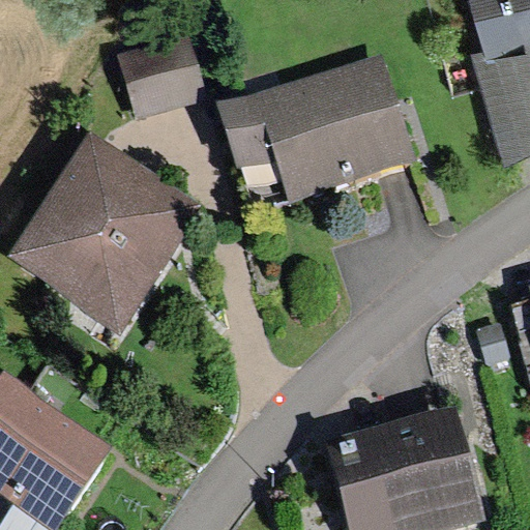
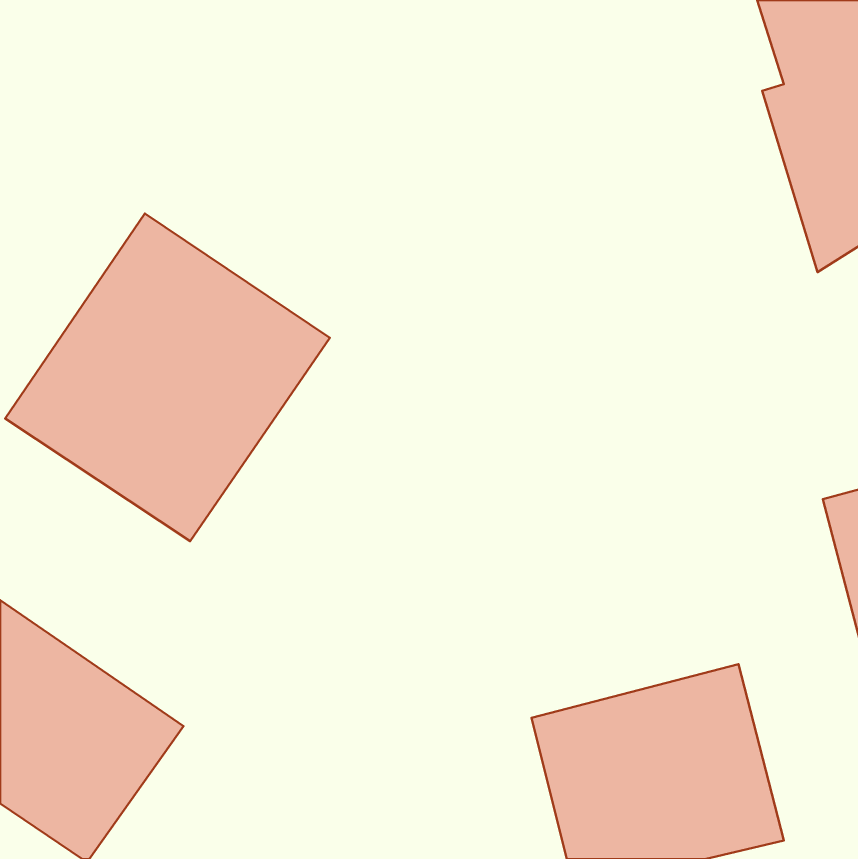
building: [116,32,208,119] -> none
building: [225,55,415,199] -> none

